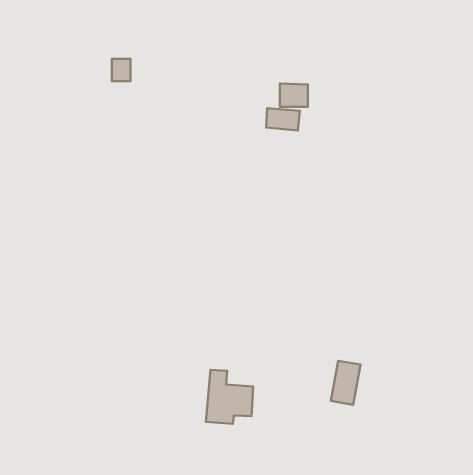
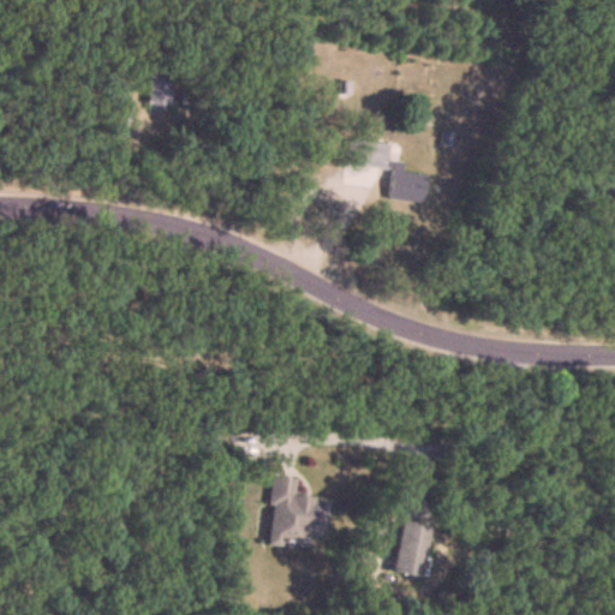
building: [280,83,308,107] -> [390,172,426,202]
building: [331,361,361,405] -> [394,521,432,578]

